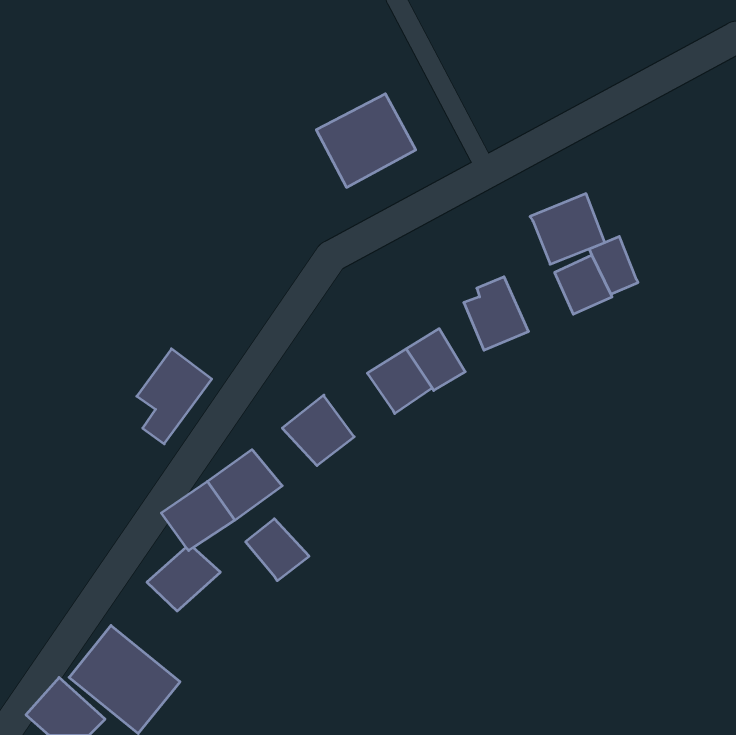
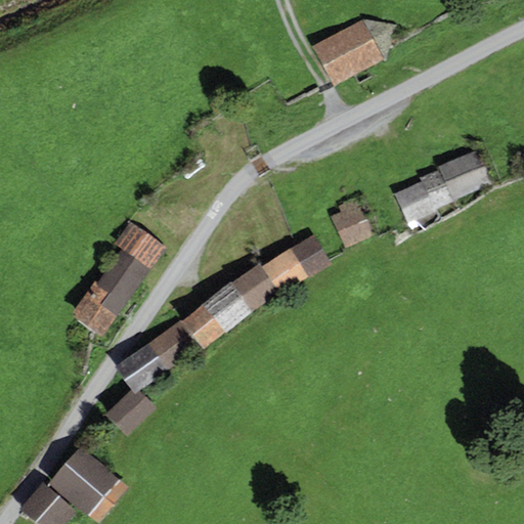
building: [316,94,416,187] -> [312,19,383,86]
building: [530,194,605,264] -> [438,148,491,199]
building: none -> [115,220,167,269]
building: none -> [230,263,279,310]
building: none -> [72,279,117,335]
building: [246,519,309,581] -> [180,304,225,348]

